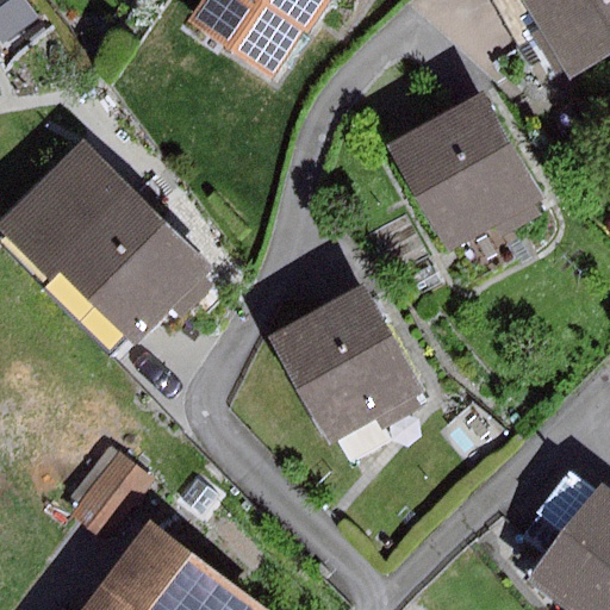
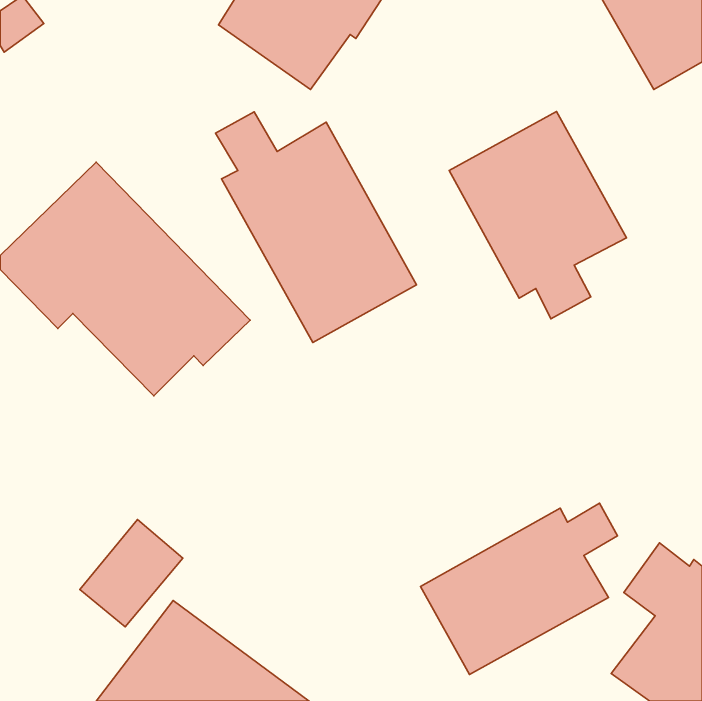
building: none -> [216,112,416,343]
building: [272,288,423,444] -> none
building: none -> [421,503,618,674]

